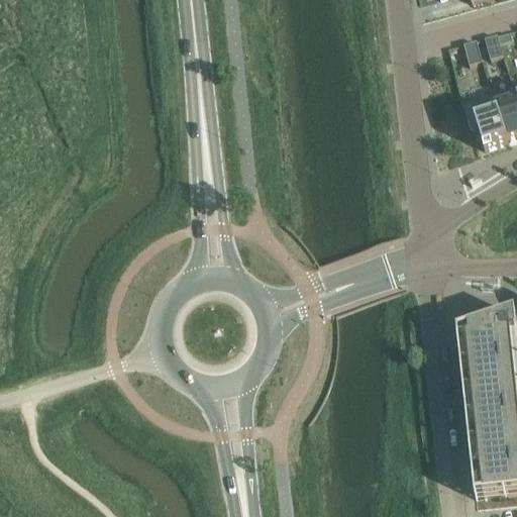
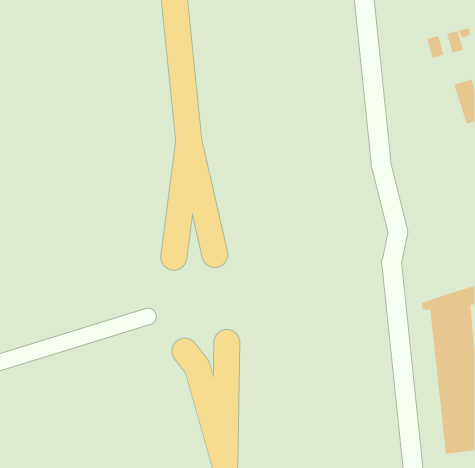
building: [463,92,508,146] -> none

